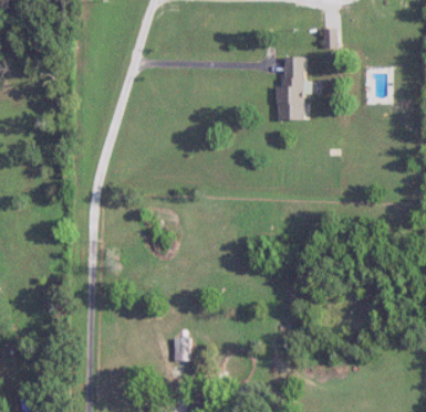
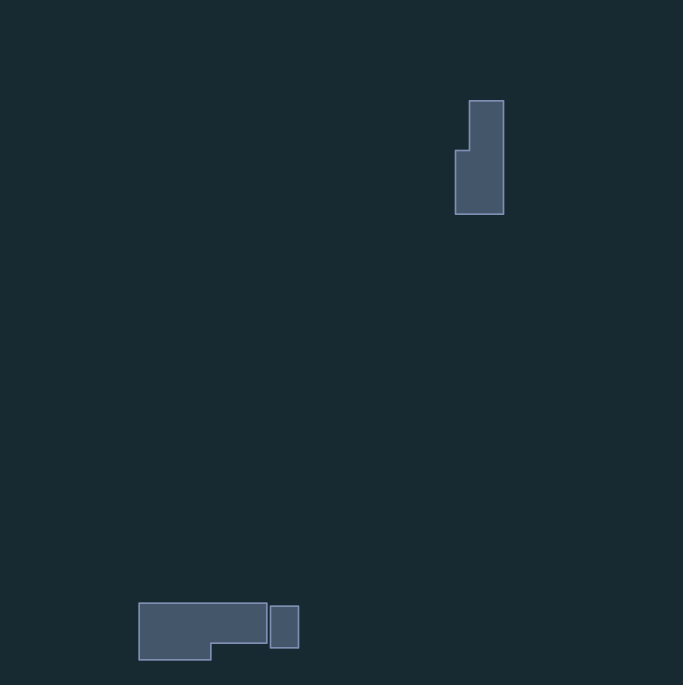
building: none -> [139,603,267,660]

